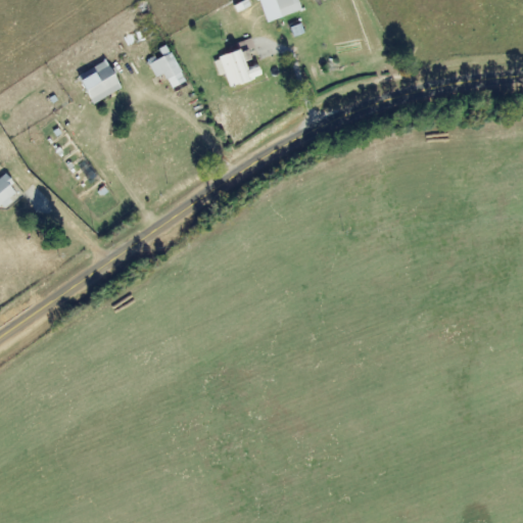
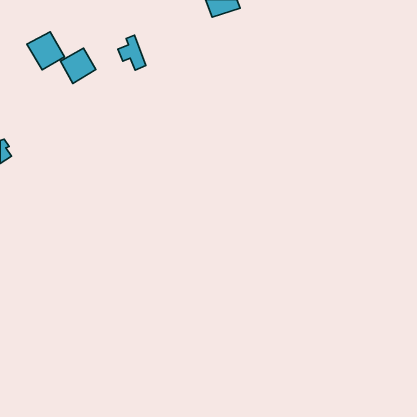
building: [213,38,260,86] -> none
building: none -> [27,32,65,70]

